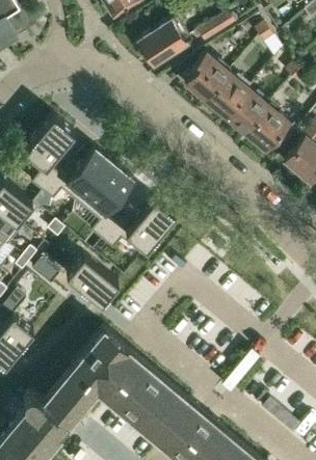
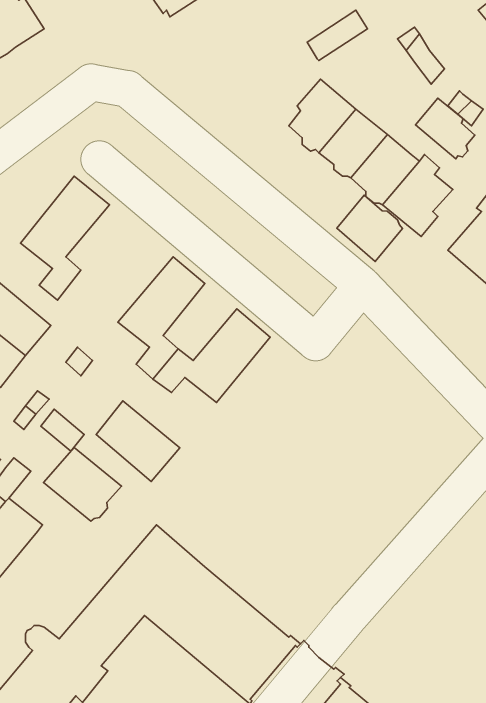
building: [137,18,193,64] -> none
building: none -> [416,98,475,159]
building: none -> [337,195,403,261]
building: [44,150,115,207] -> none
building: none -> [44,447,121,521]

